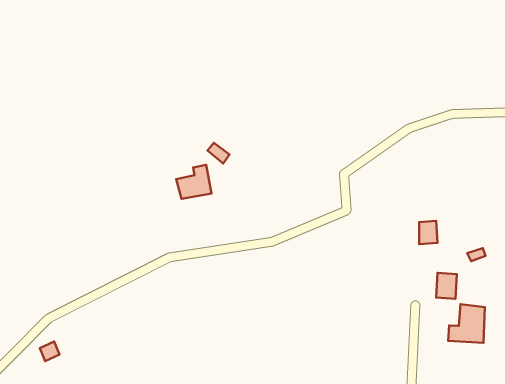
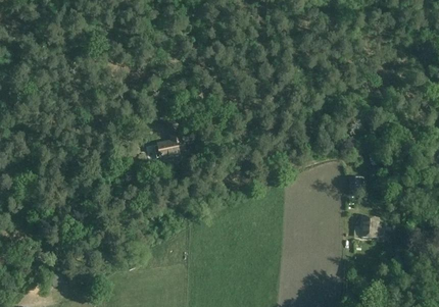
building: [448,304,485,343] -> none

